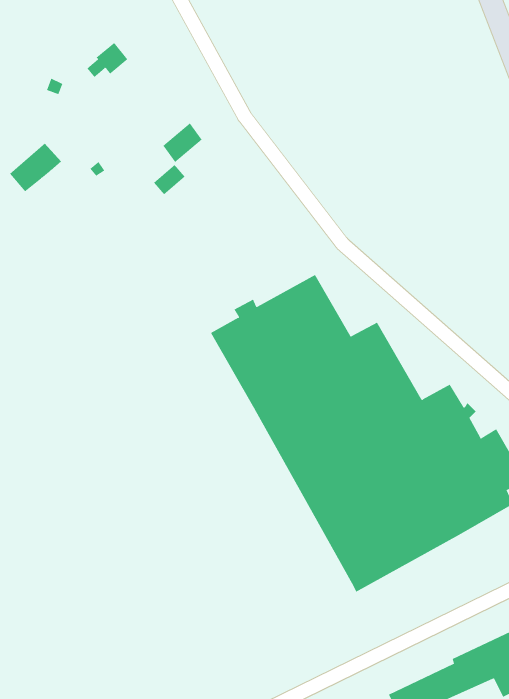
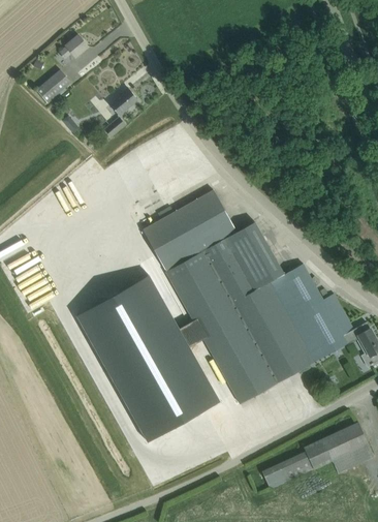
building: [9,143,62,192] -> [36,70,71,103]
building: none -> [82,272,222,436]

